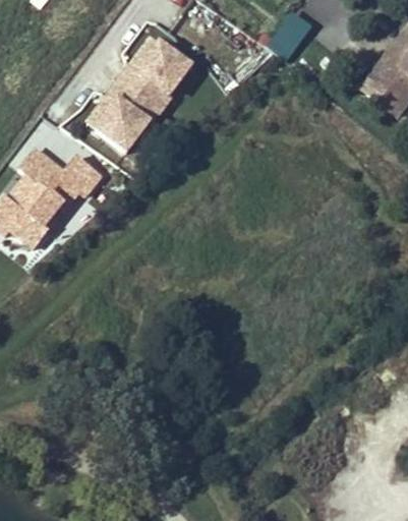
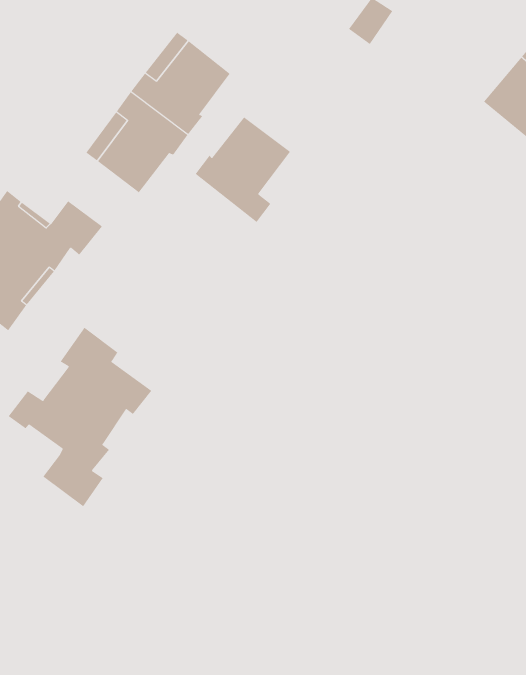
building: none -> [195,117,291,223]
building: none -> [8,327,152,507]

